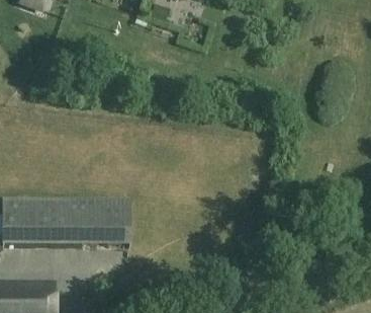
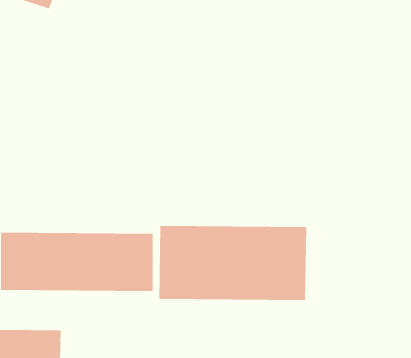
building: none -> [159,225,307,301]

